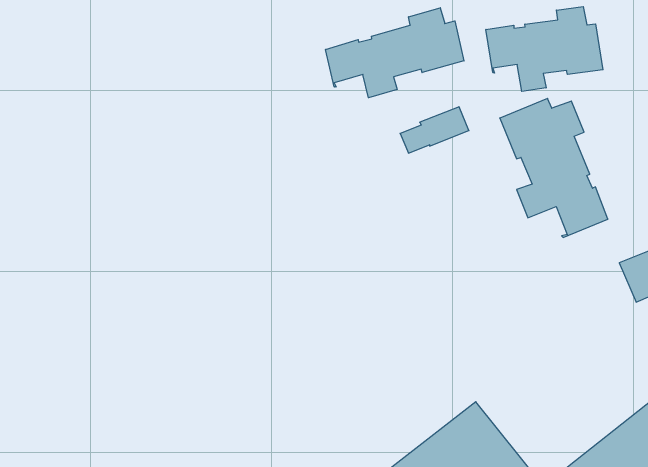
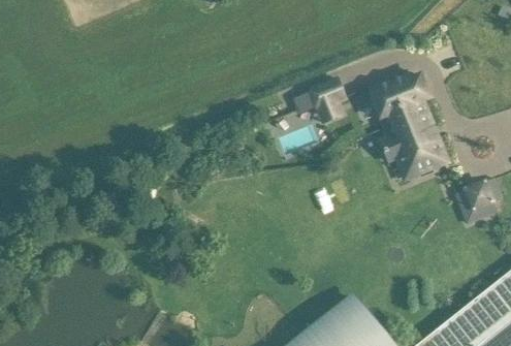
building: [486,7,603,91] -> none
building: [326,8,464,98] -> none

